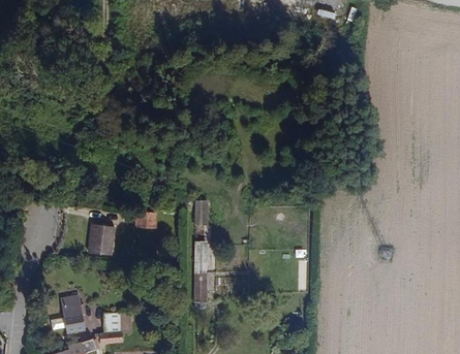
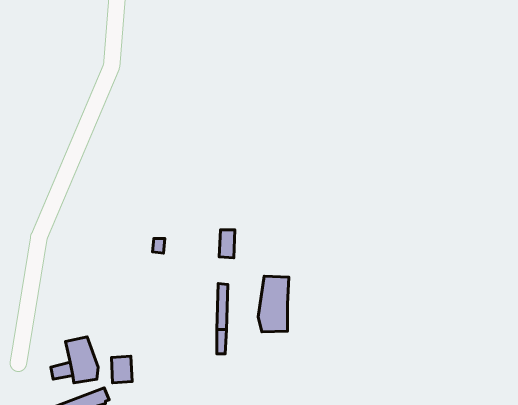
building: [88,222,119,255] -> none
building: none -> [258,276,289,332]

